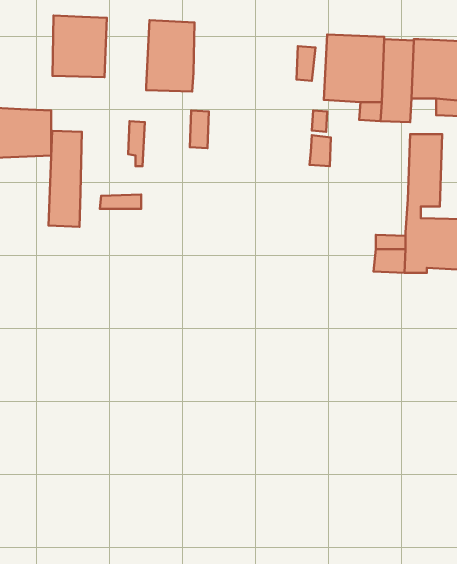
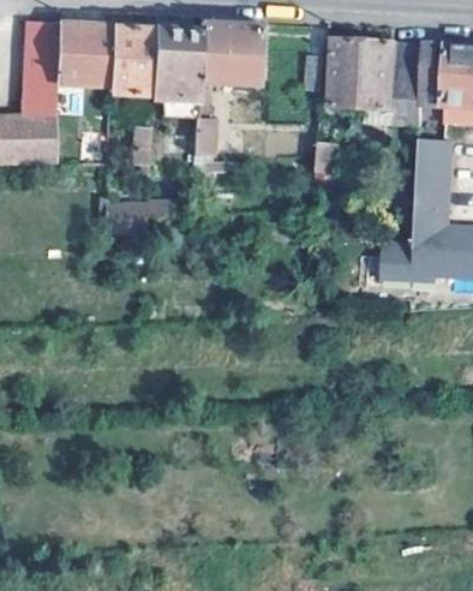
building: none -> [198,19,261,83]
building: none -> [108,23,154,92]
building: [49,131,82,227] -> [23,19,56,117]

